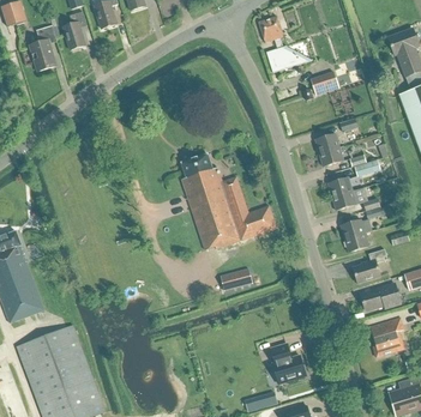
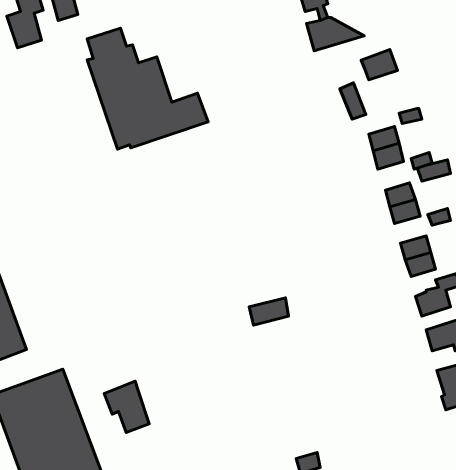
building: [181,153,277,249] -> [87,28,208,149]
building: none -> [104,381,149,433]
building: [271,338,307,376] -> none

